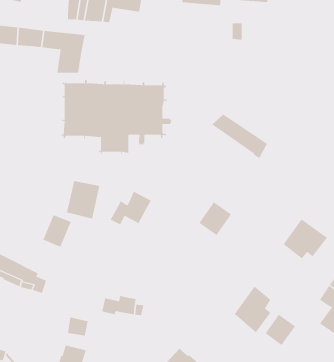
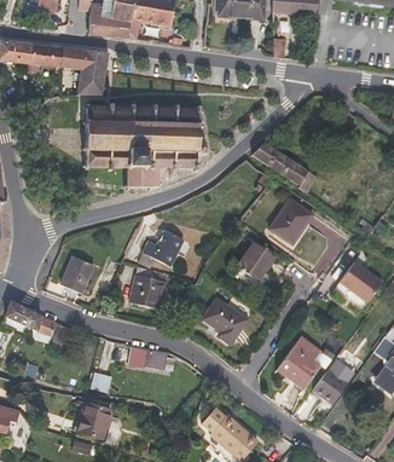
building: none -> [268,198,312,243]
building: [66,181,100,219] -> [128,266,167,310]
building: none -> [203,299,245,342]

